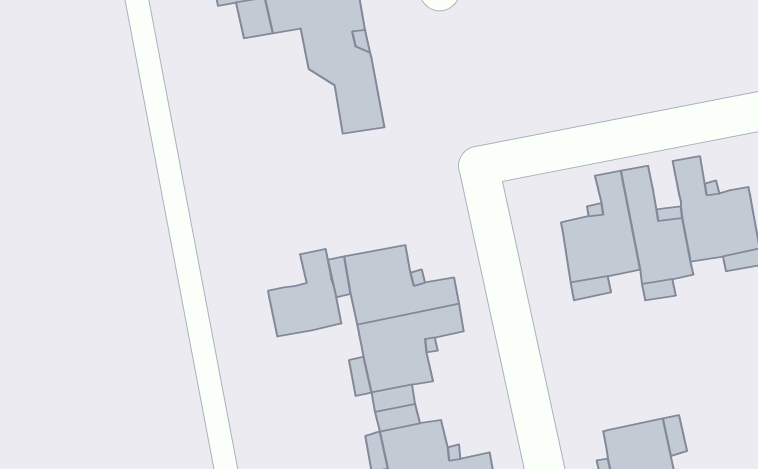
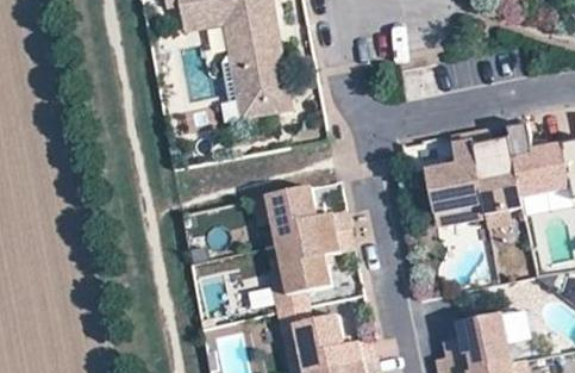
building: none -> [237,54,295,117]
building: [268,249,341,337] -> none

